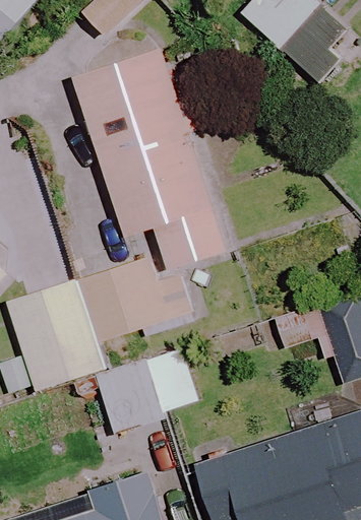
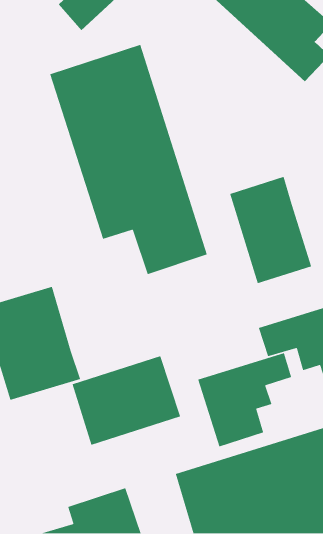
building: none -> [229,176,312,284]
building: [76,258,190,343] -> none
building: none -> [197,352,292,447]

